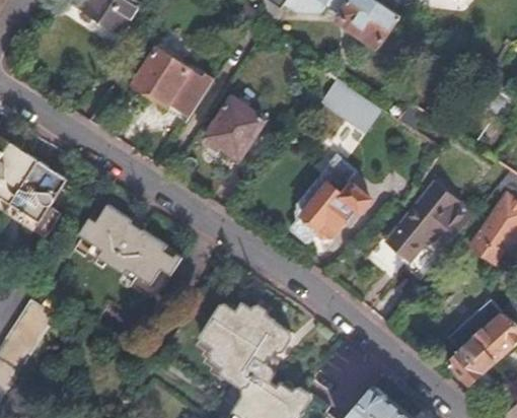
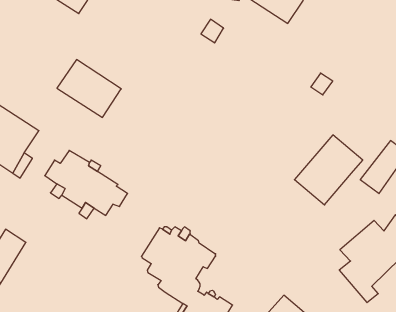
building: [132,47,212,119] -> [57,60,121,117]
building: [319,77,379,129] -> none
building: [207,96,264,155] -> none
building: [294,175,370,241] -> none

